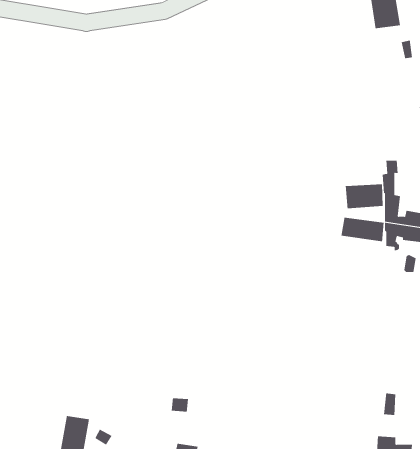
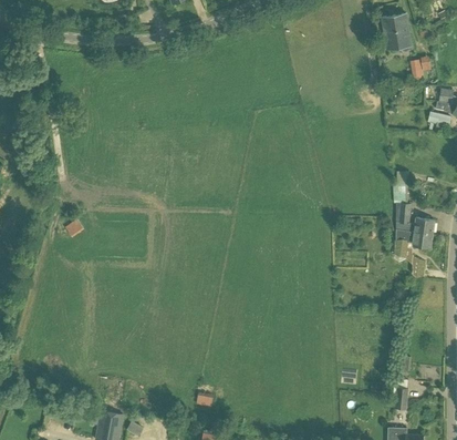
building: [345,184,383,209] -> none
building: [341,217,384,242] -> none

